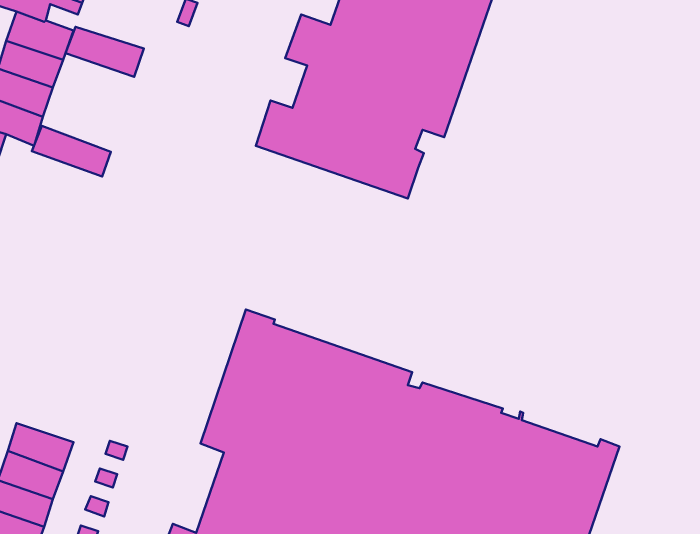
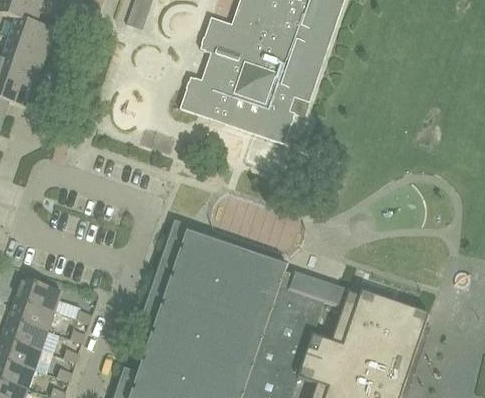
building: [66,27,144,77] -> none
building: [32,126,111,176] -> none
building: none -> [15,279,60,312]

